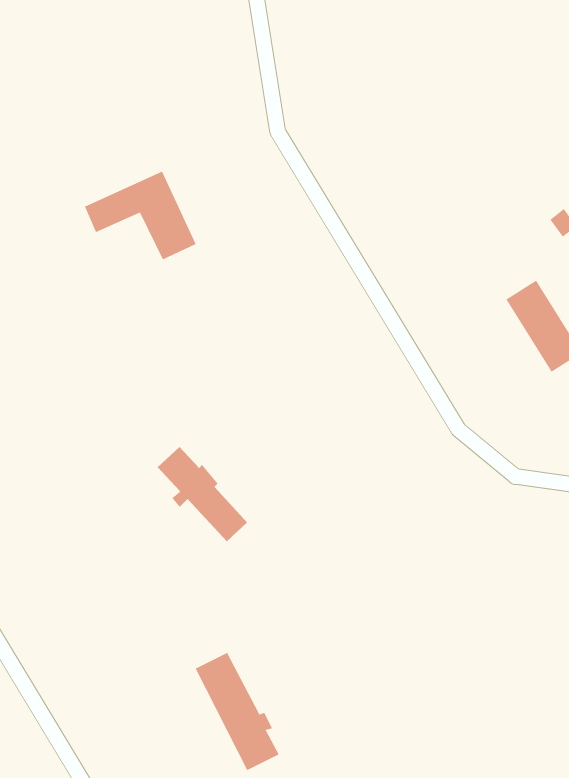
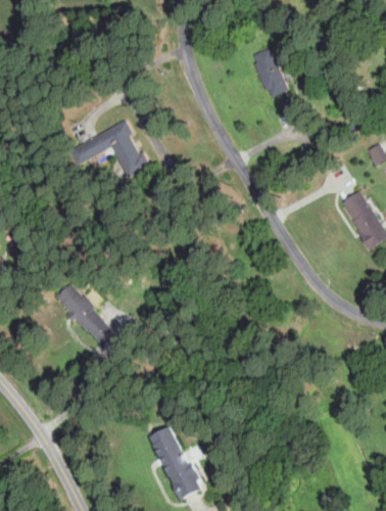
building: none -> [251,48,289,98]
building: [157,446,248,542] -> [55,282,112,342]

